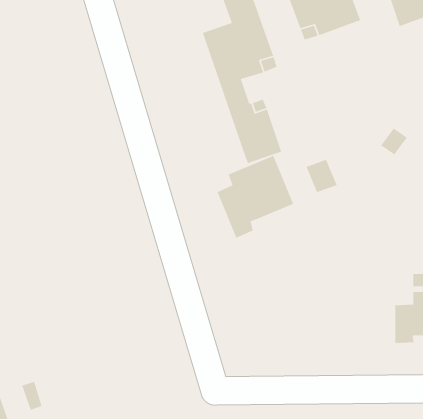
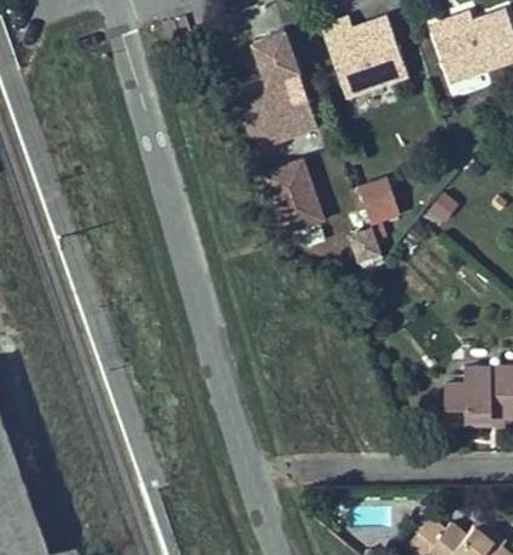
building: none -> [358,173,403,223]
building: [216,155,294,239] -> none

